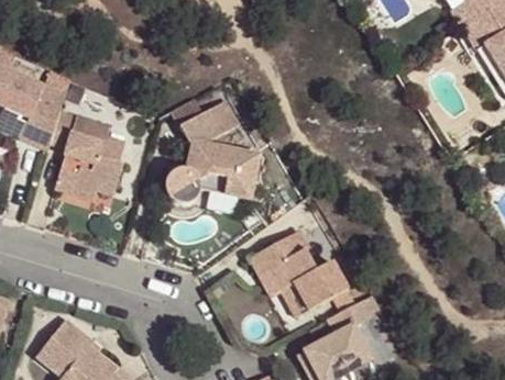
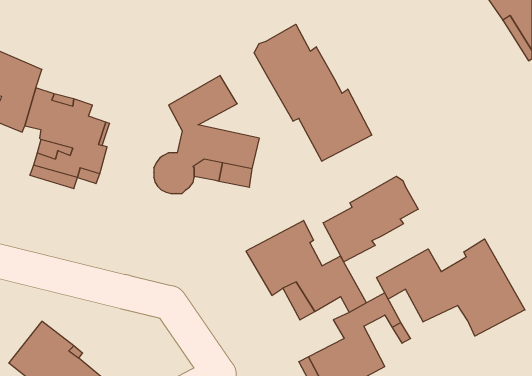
building: none -> [254,24,372,161]
building: none -> [323,176,418,262]
building: none -> [377,239,525,336]

